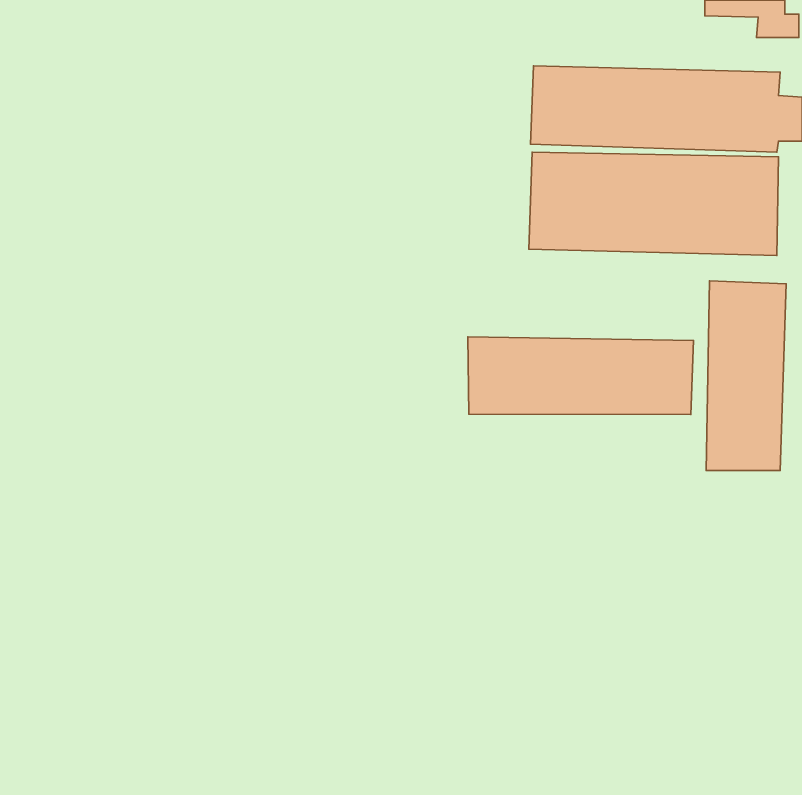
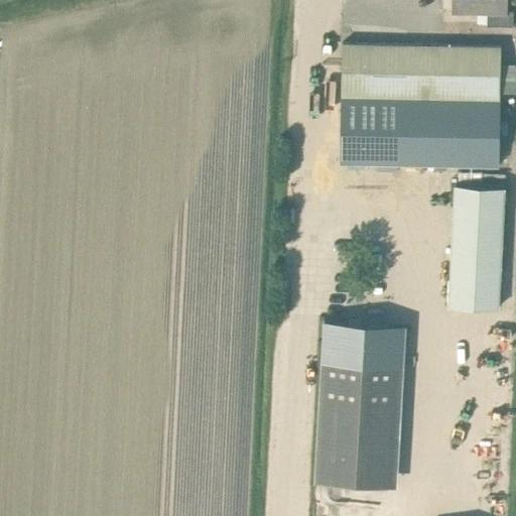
building: [468,337,693,415] -> none
building: none -> [313,322,405,492]

